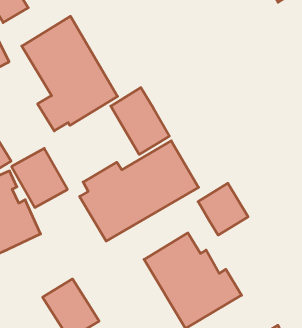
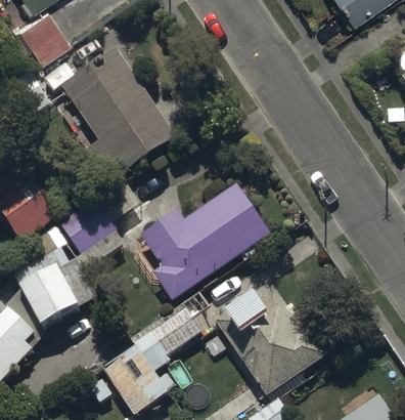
building: [111,88,169,154] -> none
building: [198,183,248,235] -> none
building: none -> [129,304,202,374]

